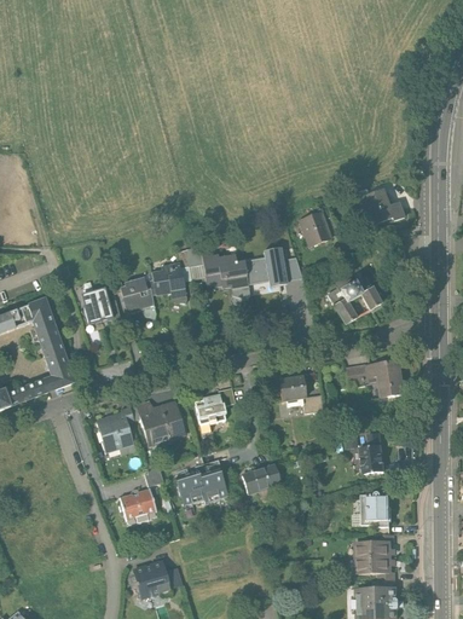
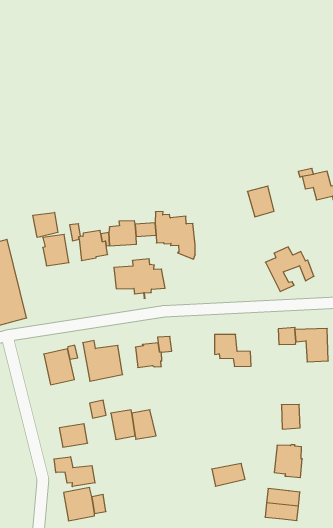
building: [243,247,301,290] -> [114,259,165,298]
building: none -> [33,212,58,237]
building: [242,464,279,492] -> [212,463,245,486]
building: none -> [54,457,95,487]

